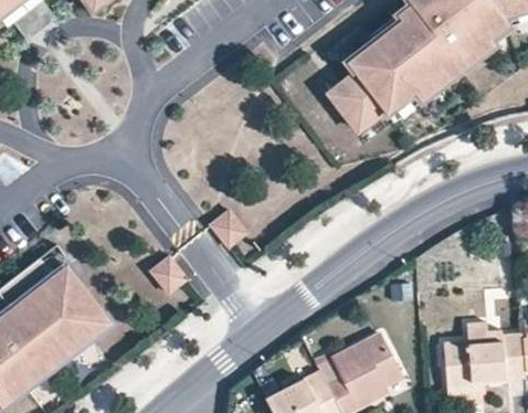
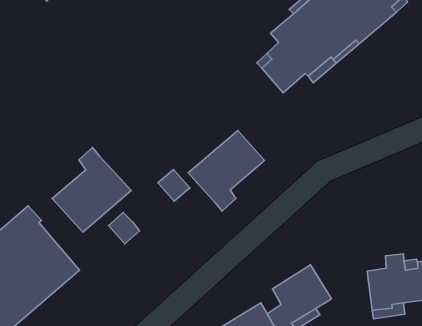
building: none -> [188,130,264,211]
building: none -> [52,148,131,232]

